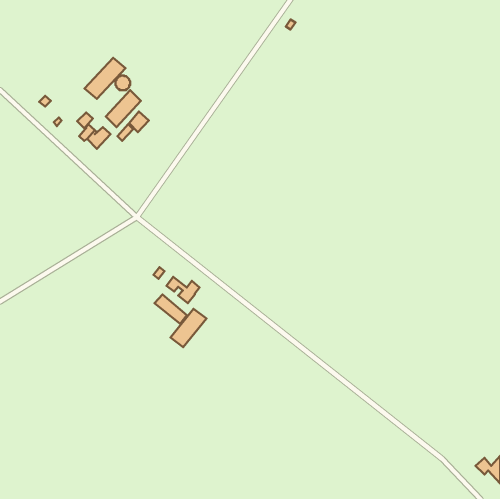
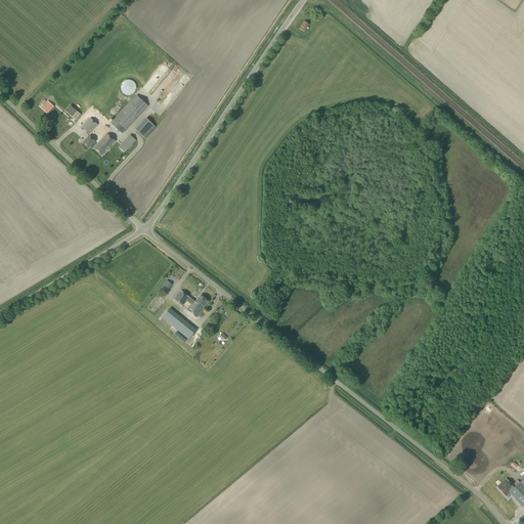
building: [85,58,125,99] -> none
building: [171,309,206,347] -> none

